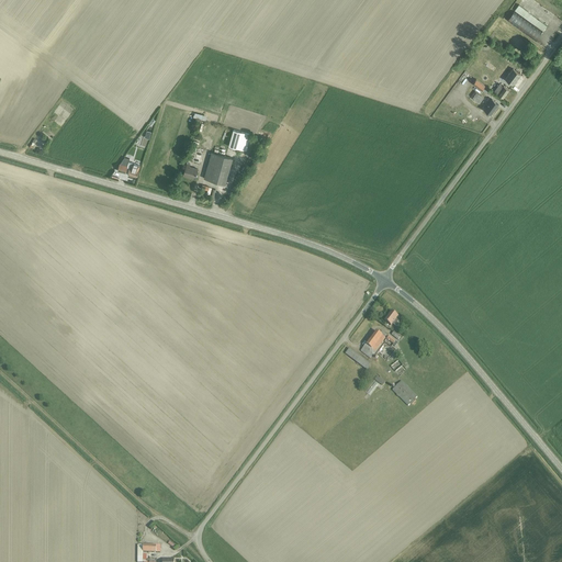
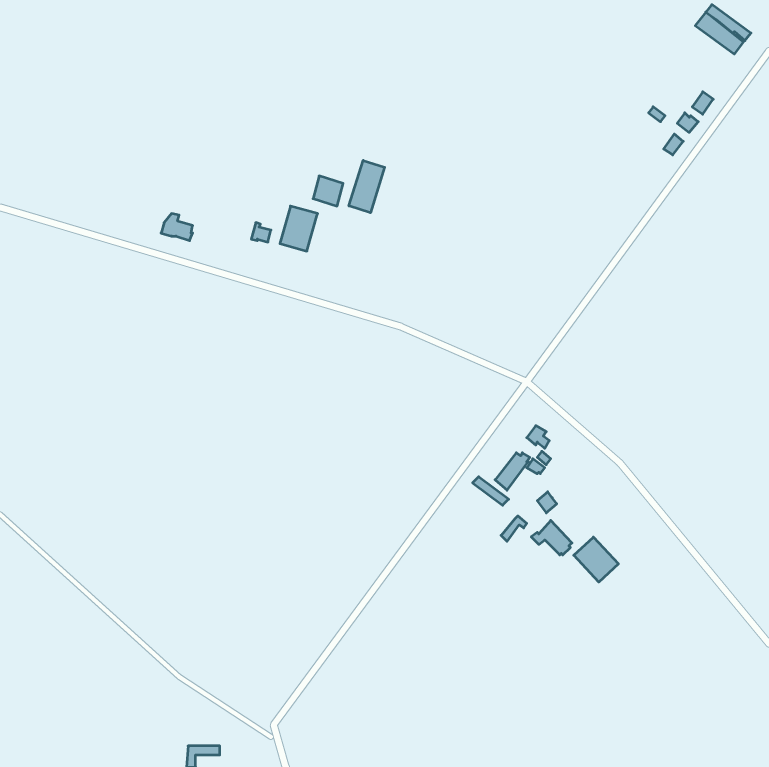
building: none -> [349,160,385,213]
building: none -> [574,537,618,582]

